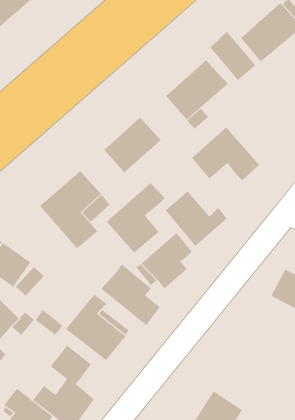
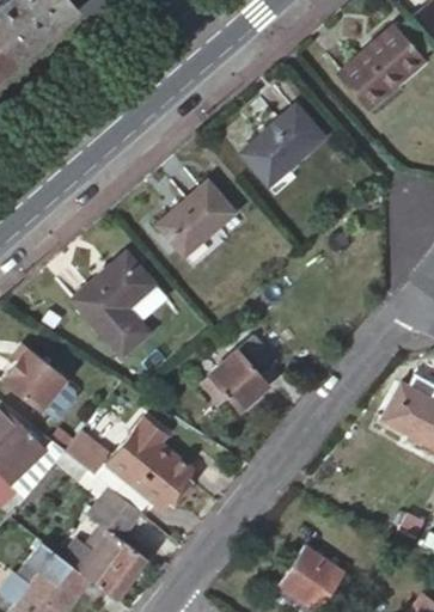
building: [210,31,256,81] -> none
building: [191,127,260,181] -> none
building: [106,182,166,254] -> none
building: [165,190,227,247] -> none
building: [101,264,161,326] -> none

